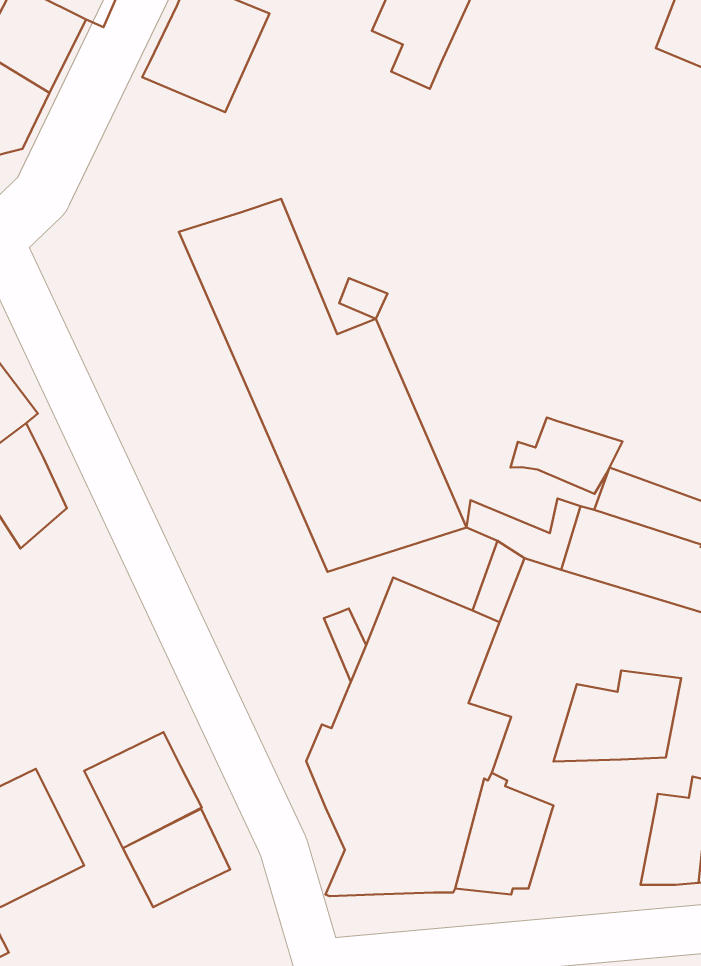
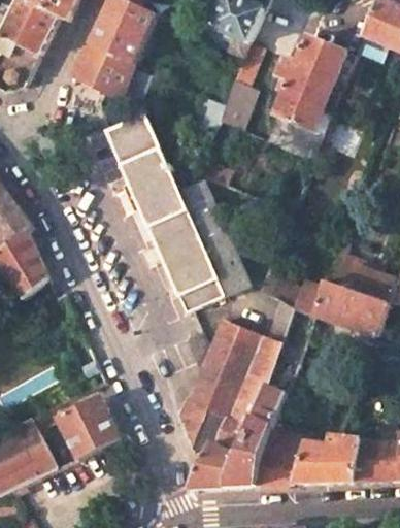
building: none -> [263,35,353,158]
building: none -> [215,41,260,127]
building: none -> [70,47,143,103]
building: [511,417,623,494] -> none
building: [554,671,681,761] -> [293,434,361,483]
building: [123,809,230,907] -> none

